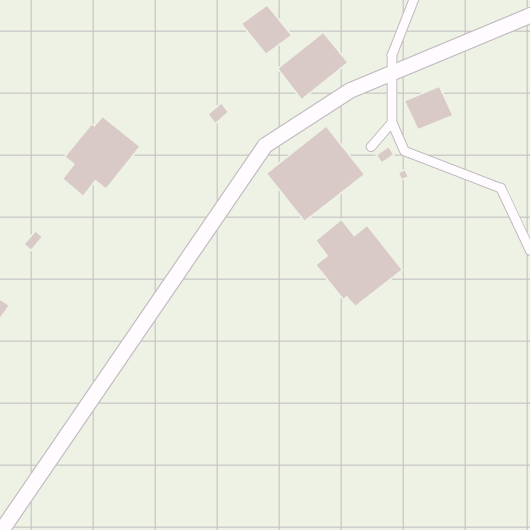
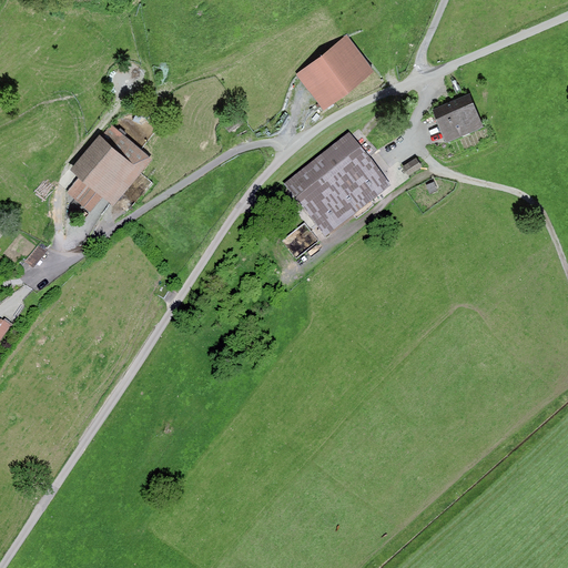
building: [241,5,292,55] -> none
building: [315,219,402,307] -> none

